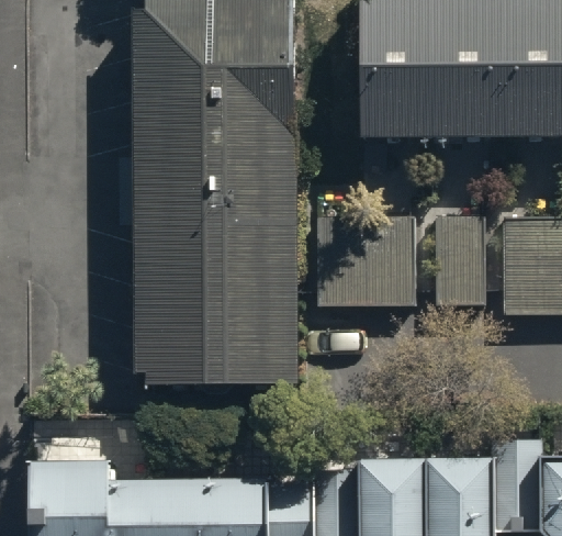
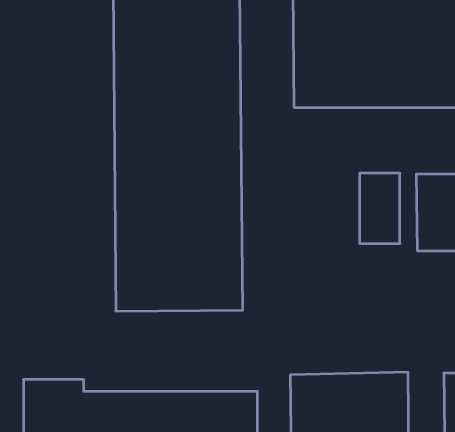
building: [319,216,413,308] -> none

